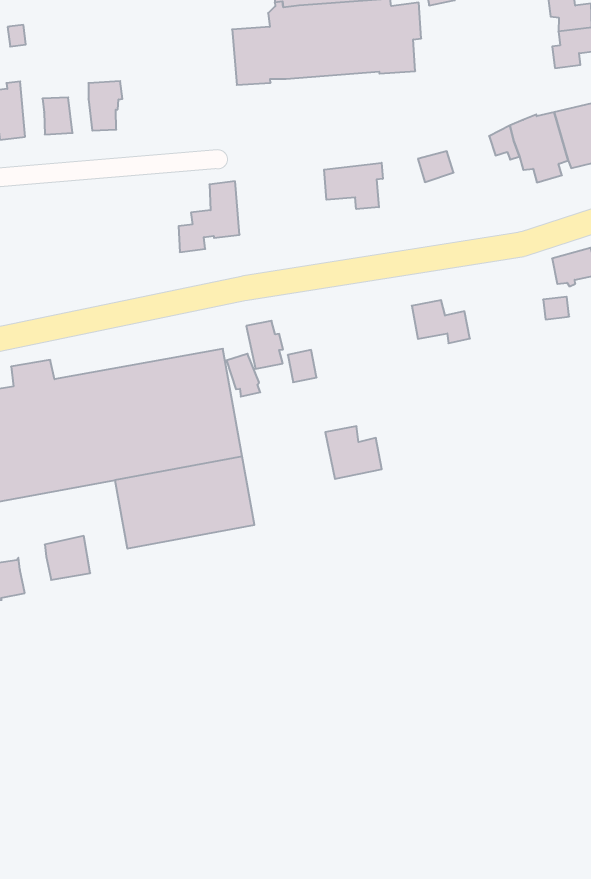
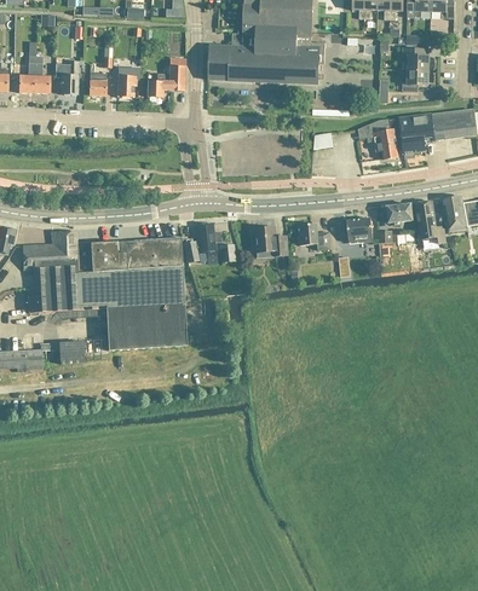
building: [324,163,383,209] -> none
building: [179,181,240,252] -> [148,57,186,95]
building: none -> [347,216,374,241]
building: [325,426,382,479] -> [257,226,288,256]

